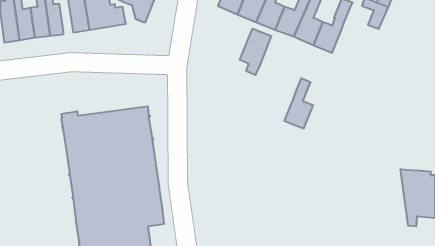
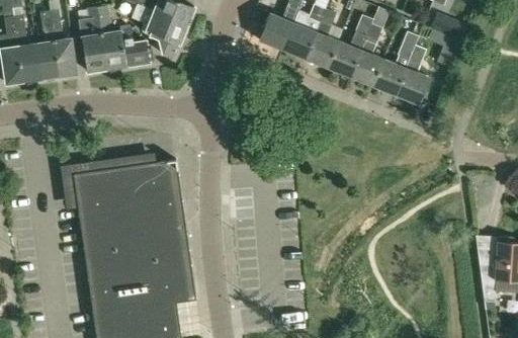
building: [240,29,271,75] -> none
building: [284,78,313,128] -> [395,45,429,104]

